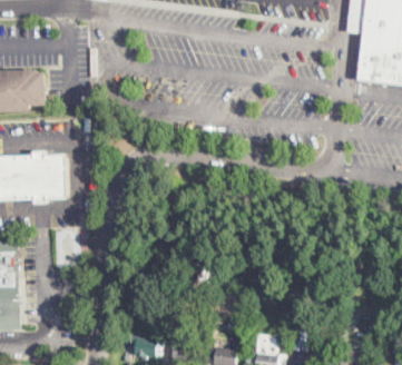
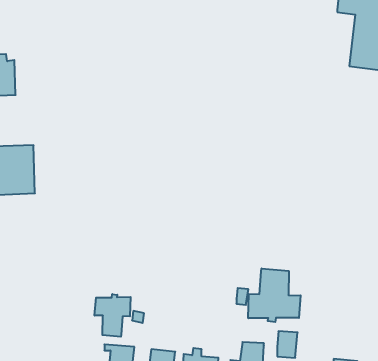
building: none -> [248,268,301,322]
building: none -> [95,294,131,337]

